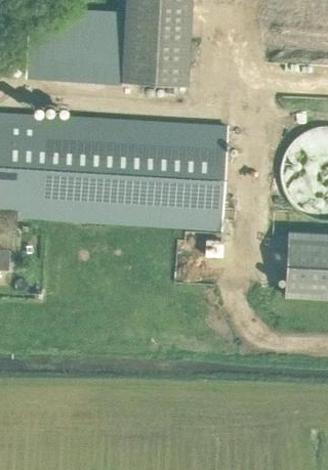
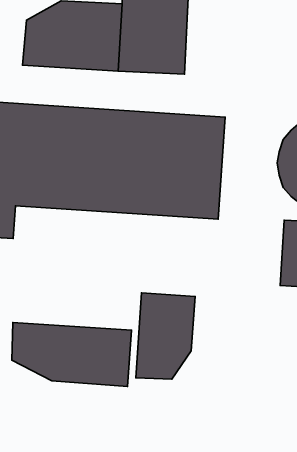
building: none -> [136,293,195,379]
building: none -> [12,322,131,386]

